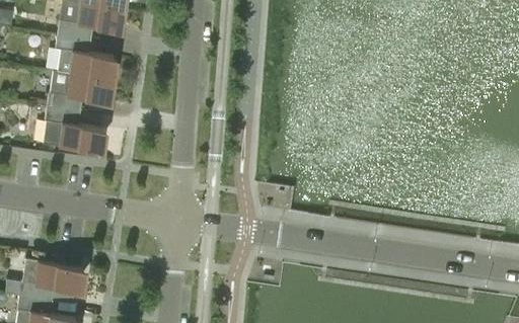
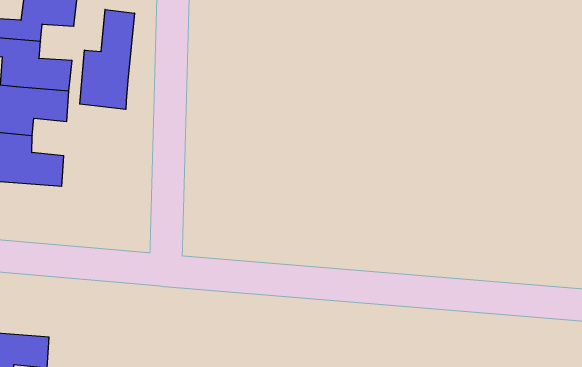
building: none -> [80,9,134,109]

